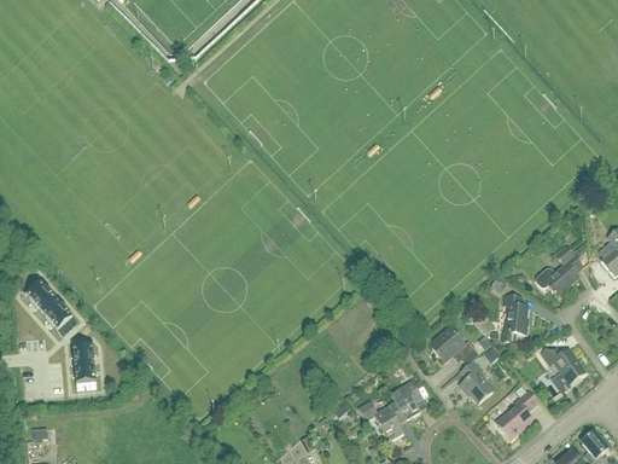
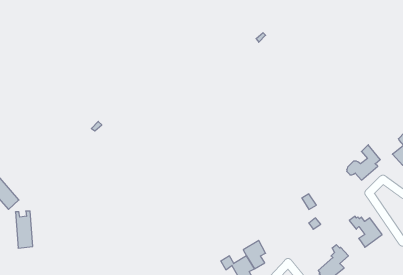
building: [501,292,526,341] -> none
building: [428,326,473,360] -> none
building: [459,358,492,401] -> none

